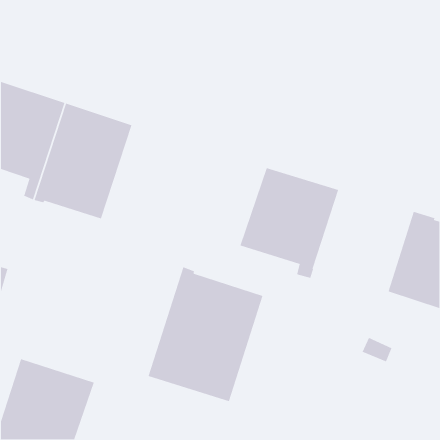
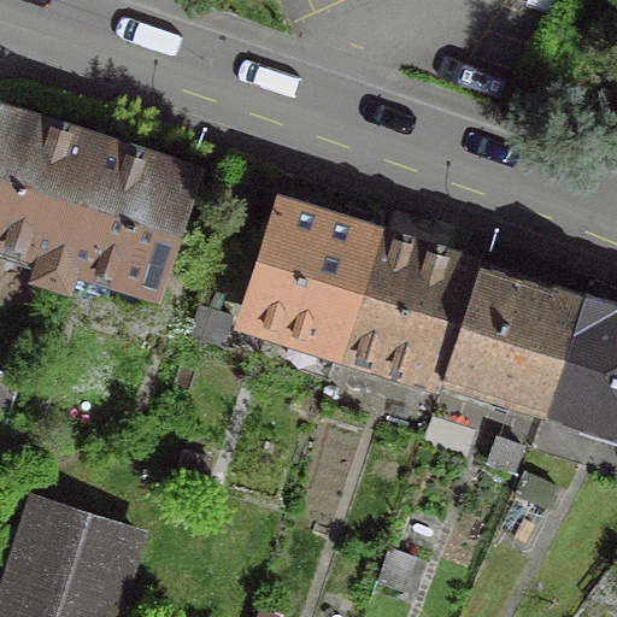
building: none -> [241,204,372,358]
building: none -> [439,265,578,409]
building: [148,266,263,402] -> none

